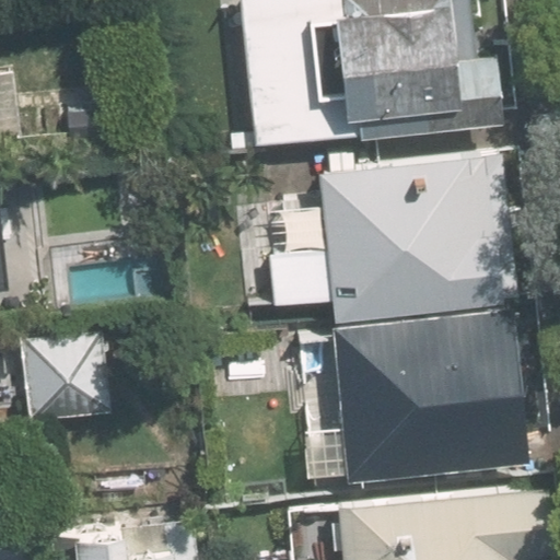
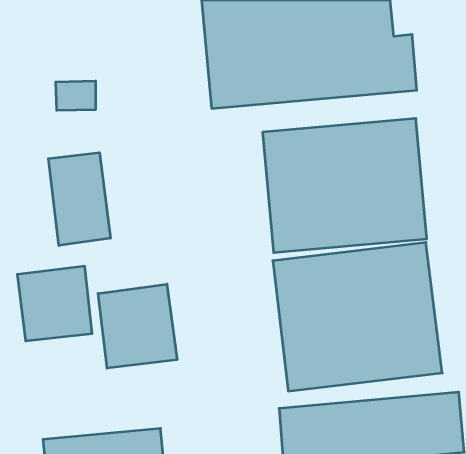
building: none -> [48,153,110,246]
building: none -> [98,284,177,368]

